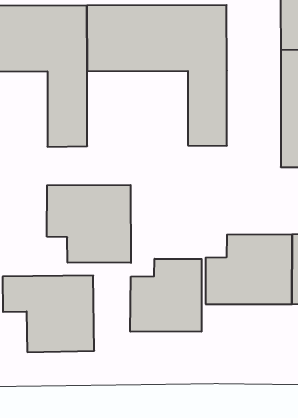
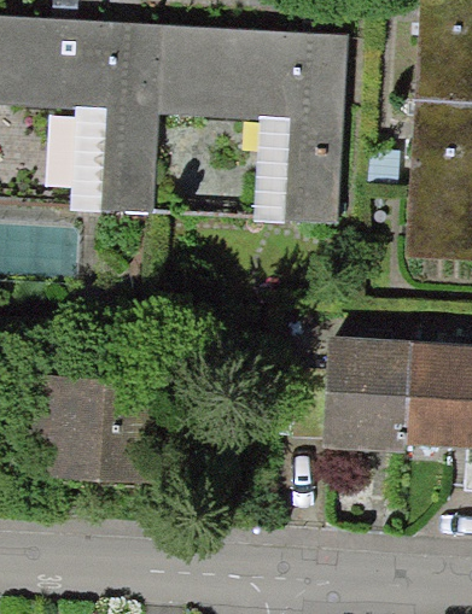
building: [47,185,131,263] -> none
building: [130,259,202,332] -> none

